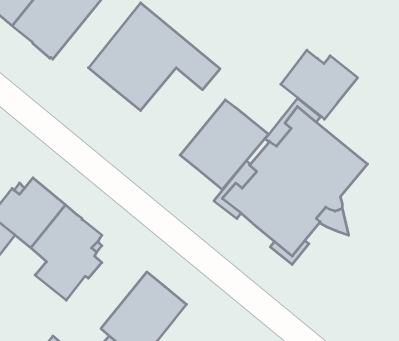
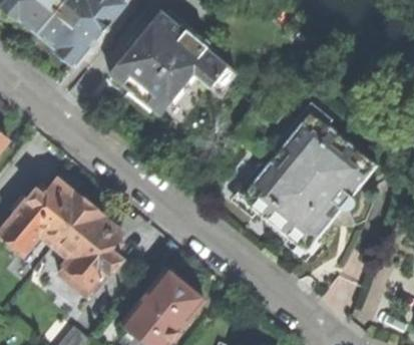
building: [281,50,358,119] -> none
building: [180,100,269,190] -> none

